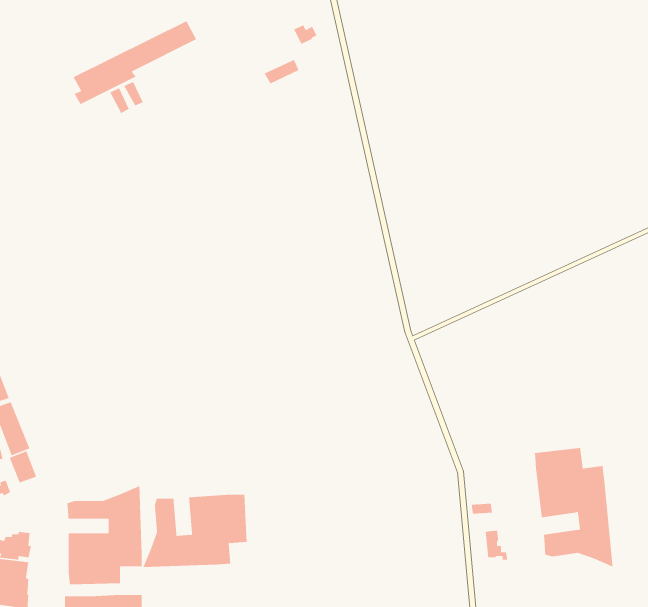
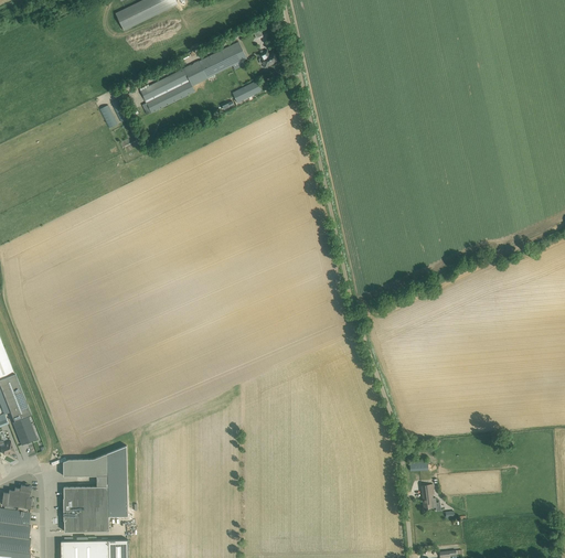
building: [72,20,197,105] -> [139,42,246,115]
building: [534,447,613,568] -> none
building: [142,494,247,568] -> none

